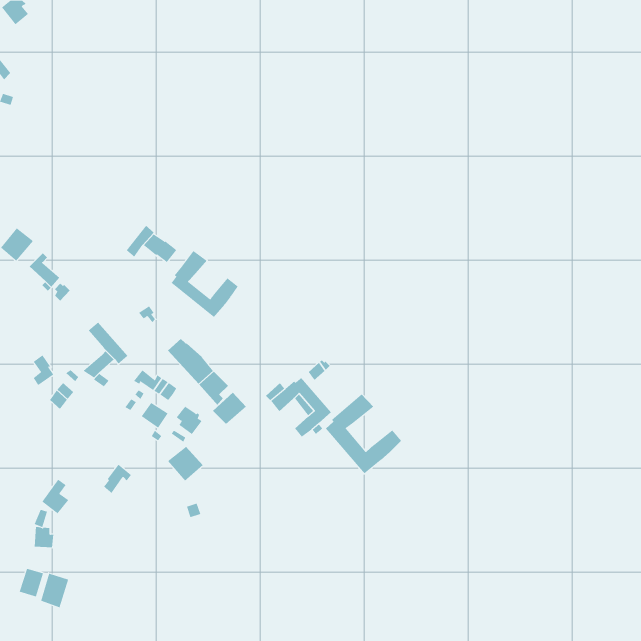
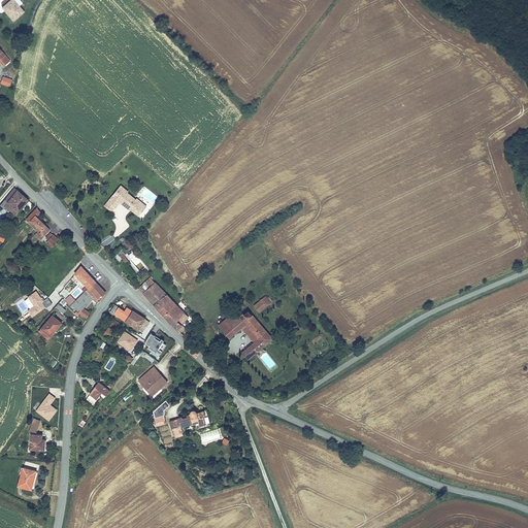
building: [171,250,238,318] -> none
building: [212,392,247,425] -> none
building: [325,393,402,474] -> none
building: none -> [169,409,205,435]
building: [41,573,69,608] -> none

